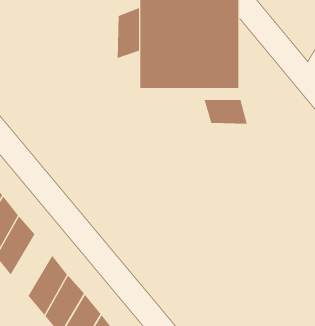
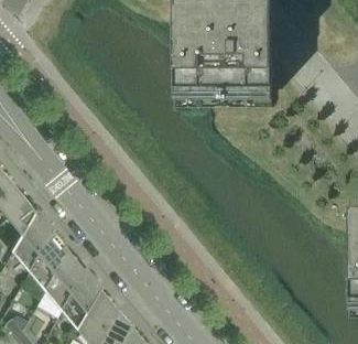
building: [117,7,140,59] -> none
building: [204,99,247,125] -> none
building: none -> [46,249,87,310]

